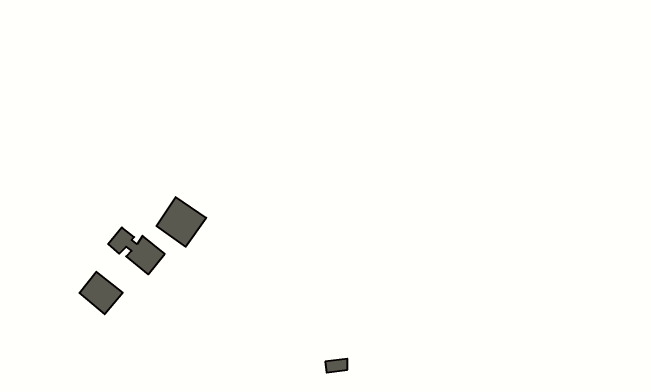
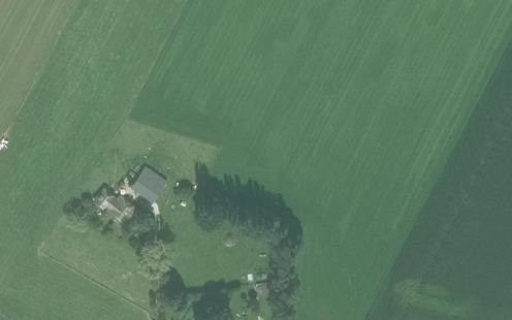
building: [79,272,123,314] -> none

